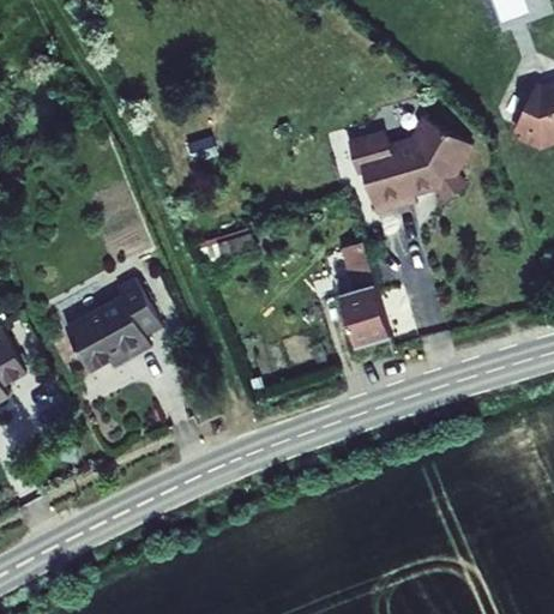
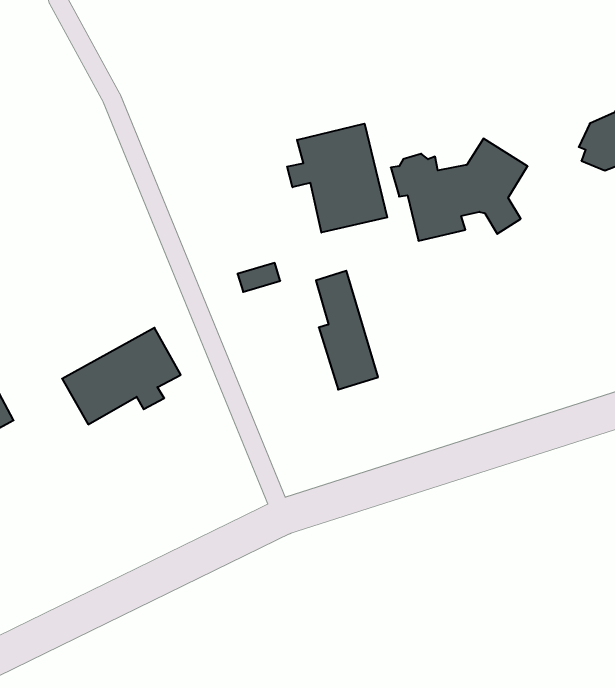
building: none -> [287,124,387,233]
building: [338,241,392,344] -> [316,271,378,390]

